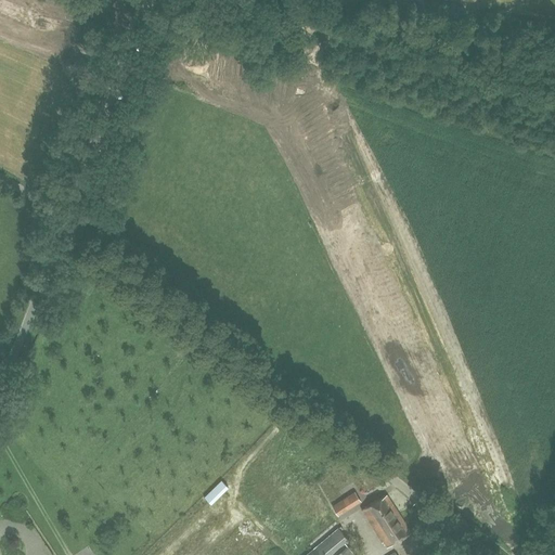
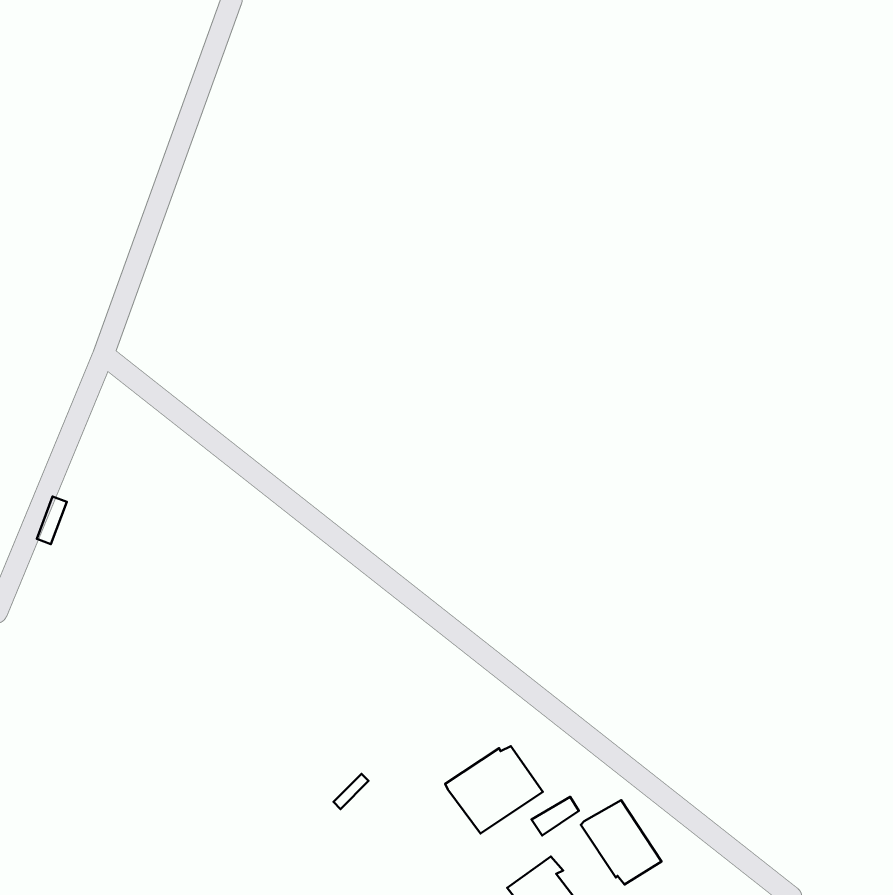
building: none -> [445,746,543,834]

